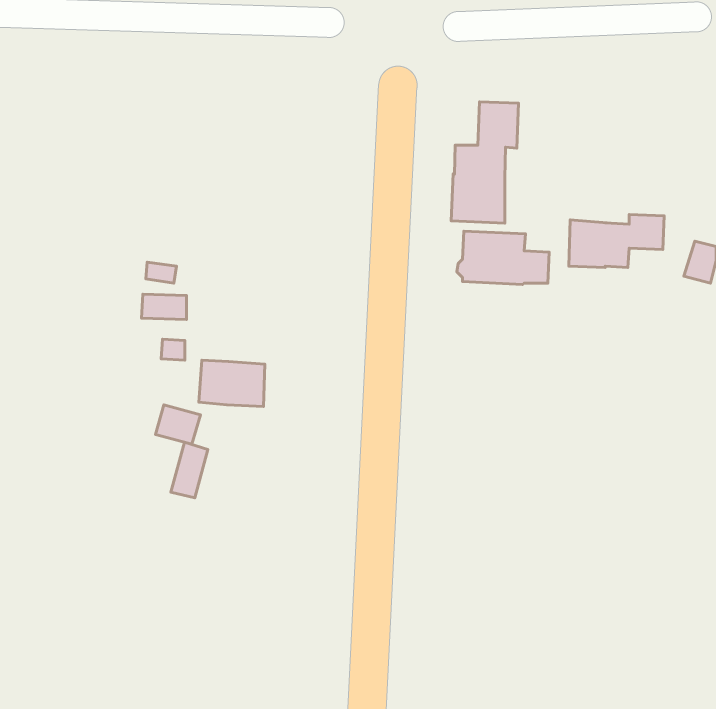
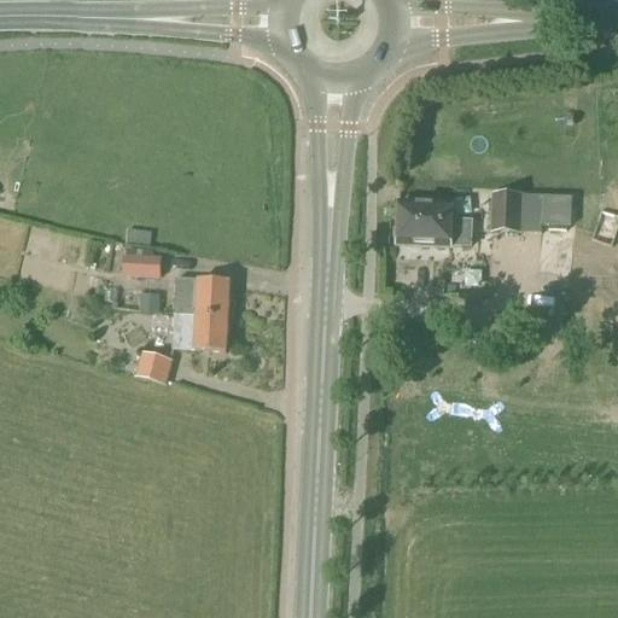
building: [451,102,518,223] -> none
building: none -> [174,275,231,314]
building: [171,442,208,498] -> none

